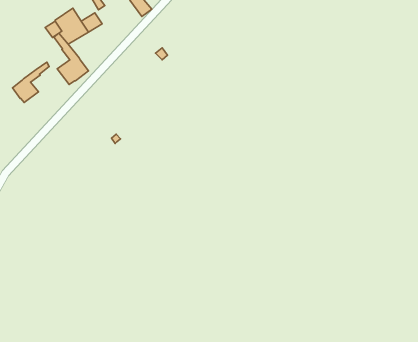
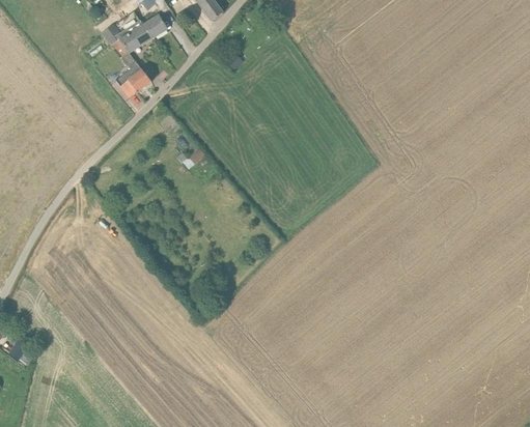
building: [12,62,49,102] -> none

